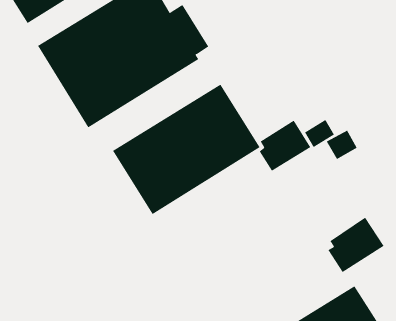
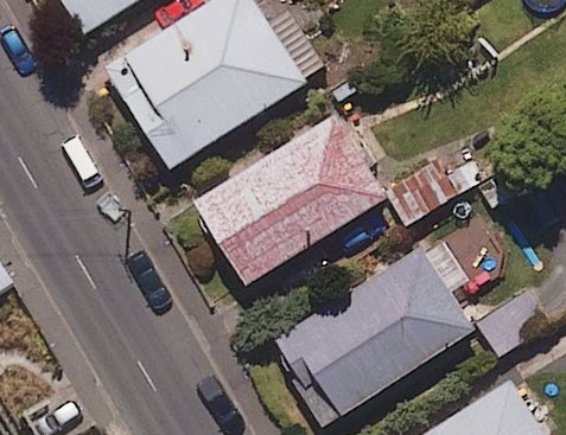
building: none -> [273,242,477,415]

